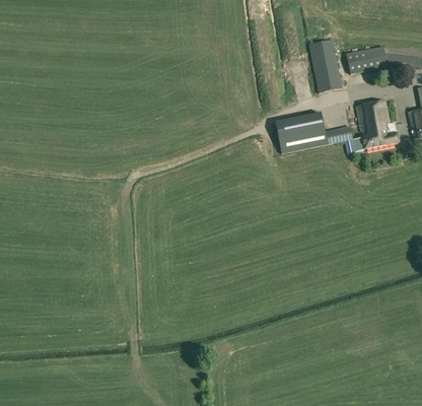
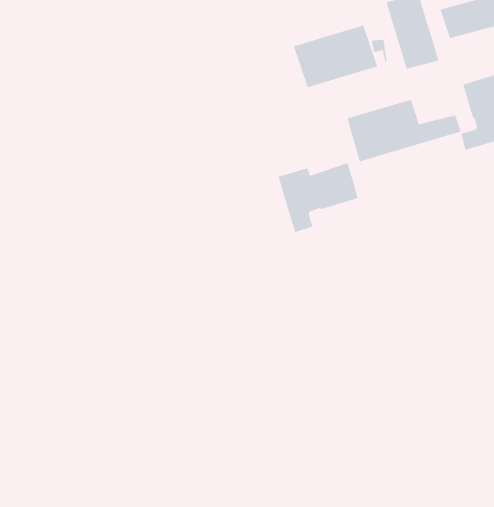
building: none -> [293,24,378,88]
building: none -> [277,162,359,233]

